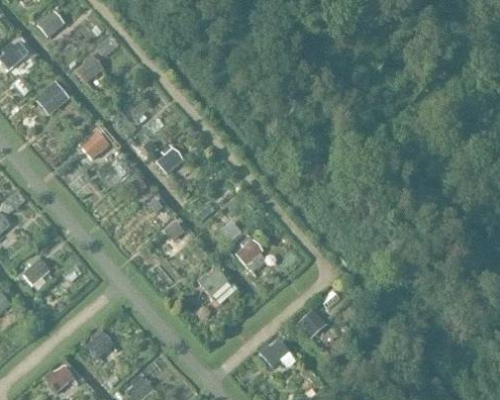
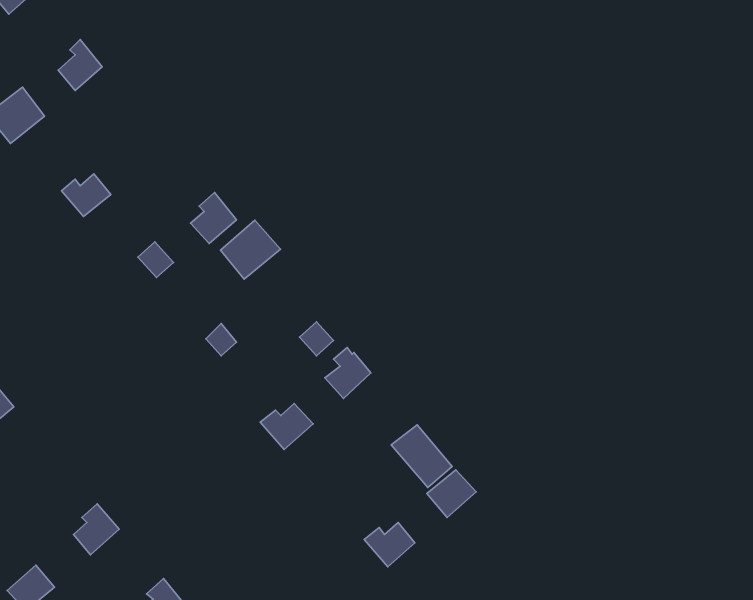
building: none -> [220,220,280,279]
building: none -> [391,425,452,488]

